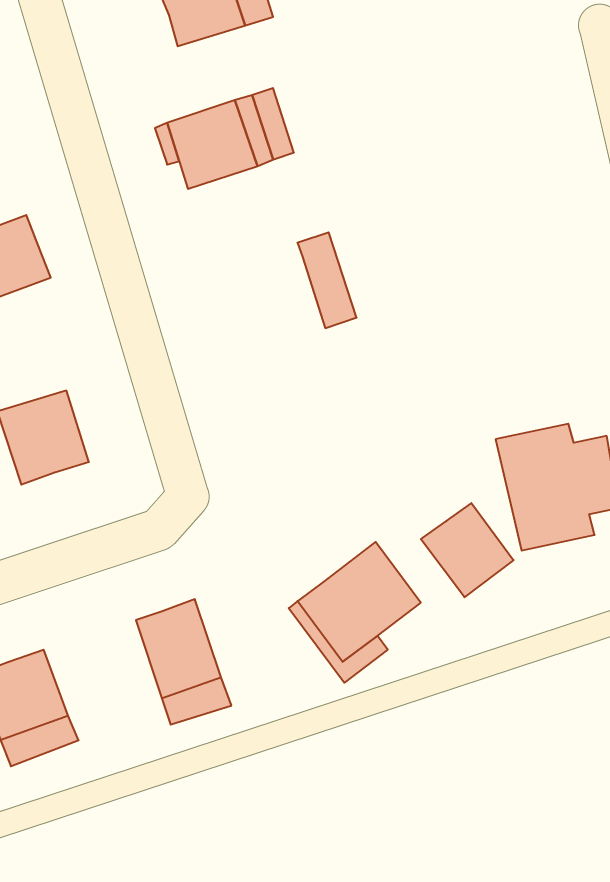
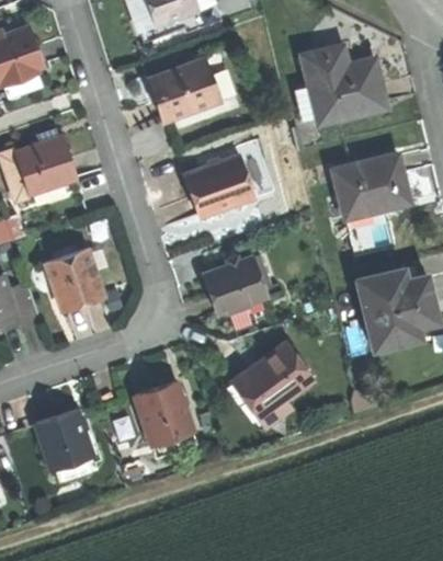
building: none -> [307,46,387,121]
building: none -> [338,153,409,210]
building: none -> [183,162,251,224]
building: none -> [206,262,270,318]
building: [421,503,514,597] -> none

